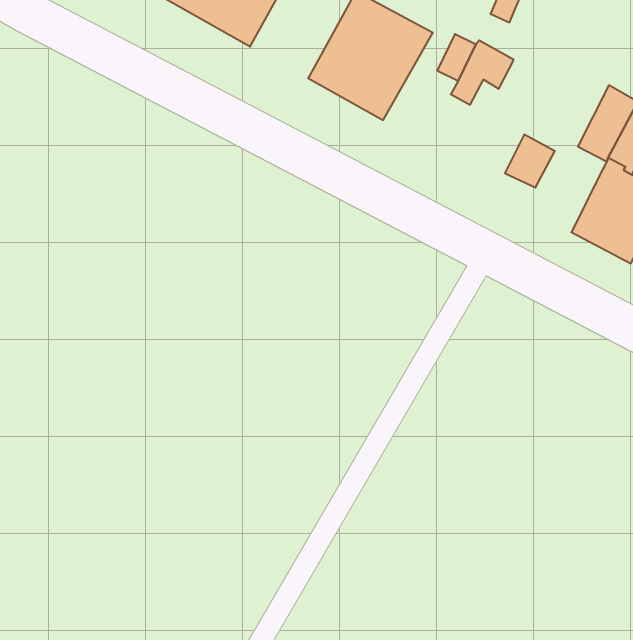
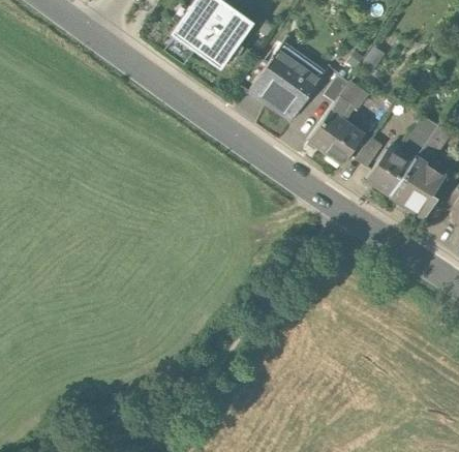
building: none -> [309,110,365,164]
building: none -> [367,149,412,197]

